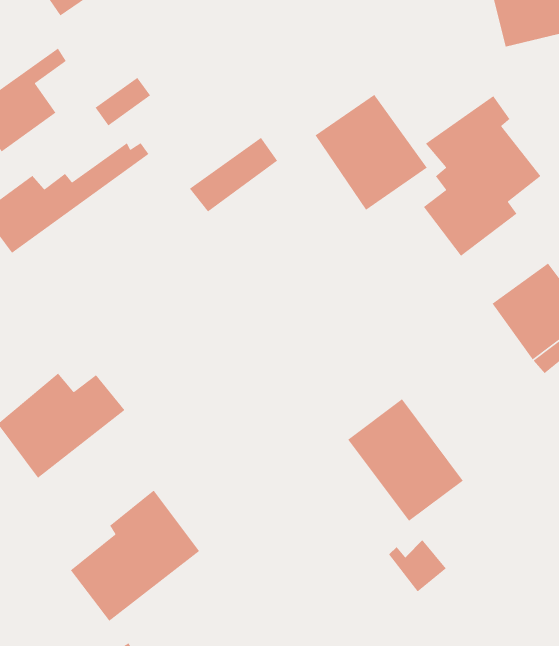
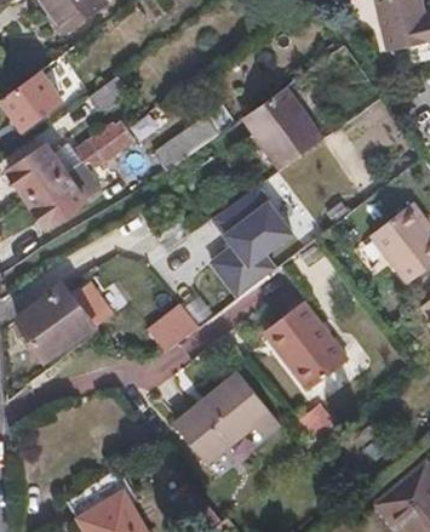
building: [423,95,542,257] -> [213,183,297,297]
building: none -> [29,131,133,229]
building: none -> [147,305,199,355]
building: [70,489,200,622] -> [177,368,269,462]

